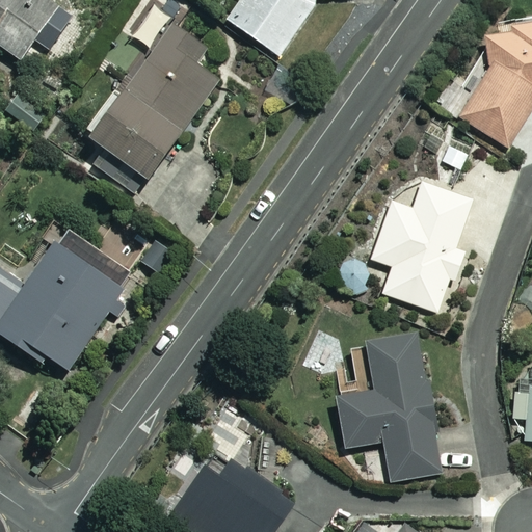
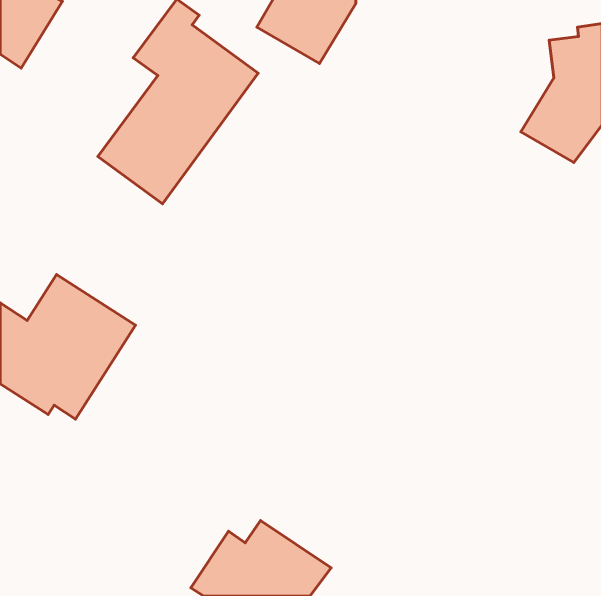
building: [372,183,472,311] -> none
building: [337,336,440,480] -> none

